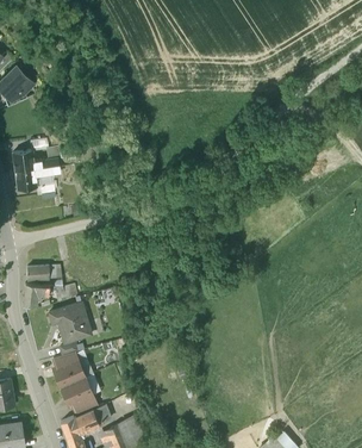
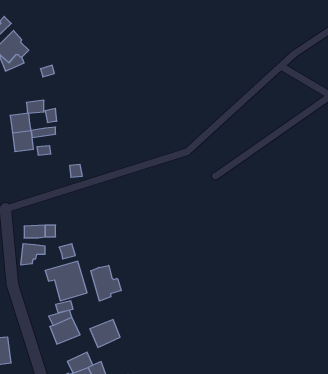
building: none -> [91,265,121,301]
building: [61,378,92,406] -> [90,320,120,348]

